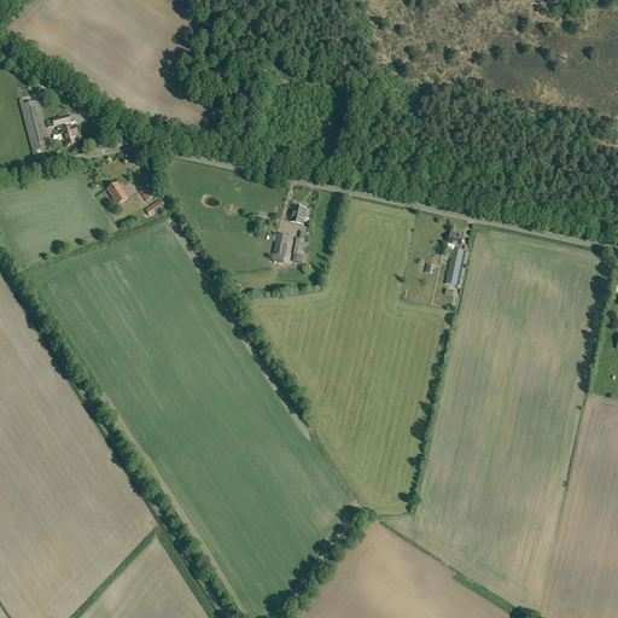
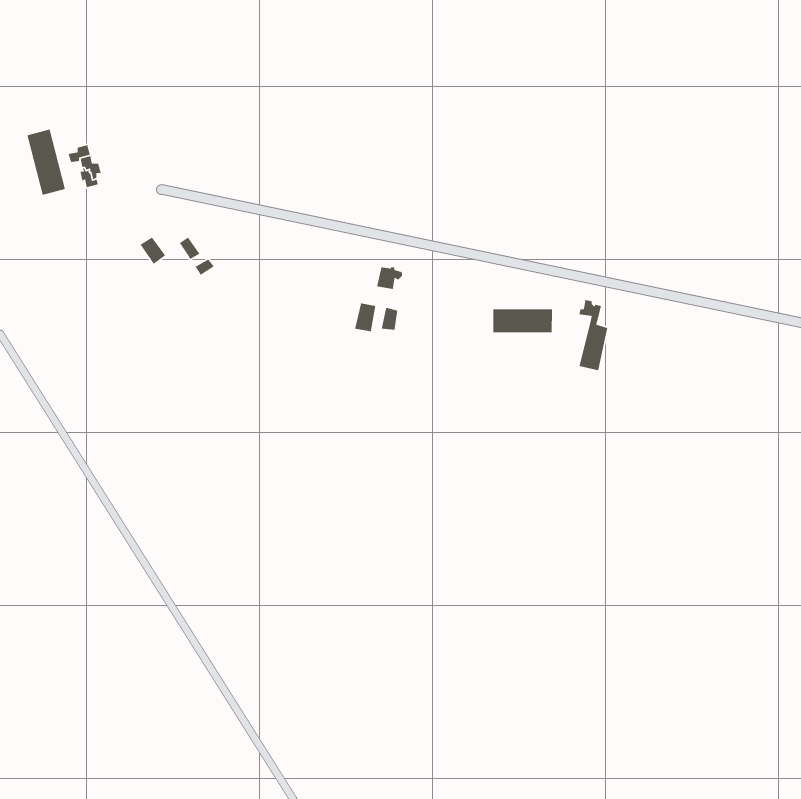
building: none -> [492,308,553,333]

